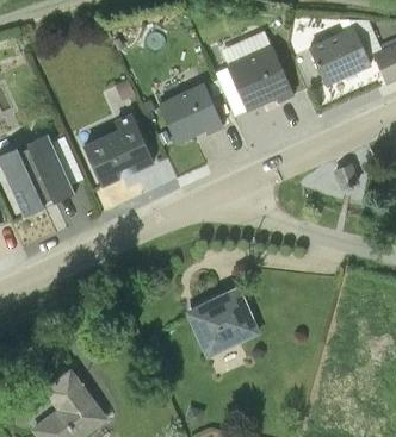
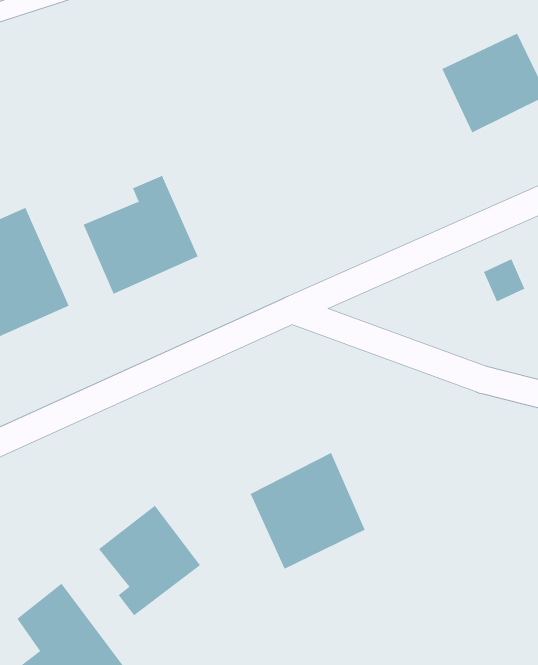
building: [227,45,296,116] -> none
building: [157,85,223,148] -> none
building: none -> [98,505,201,616]

